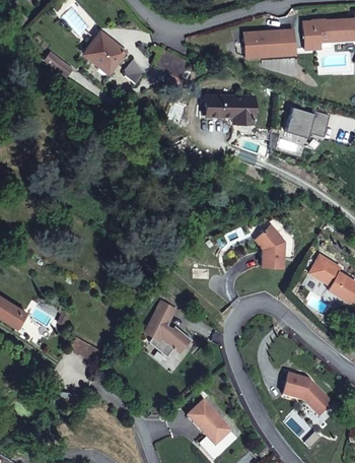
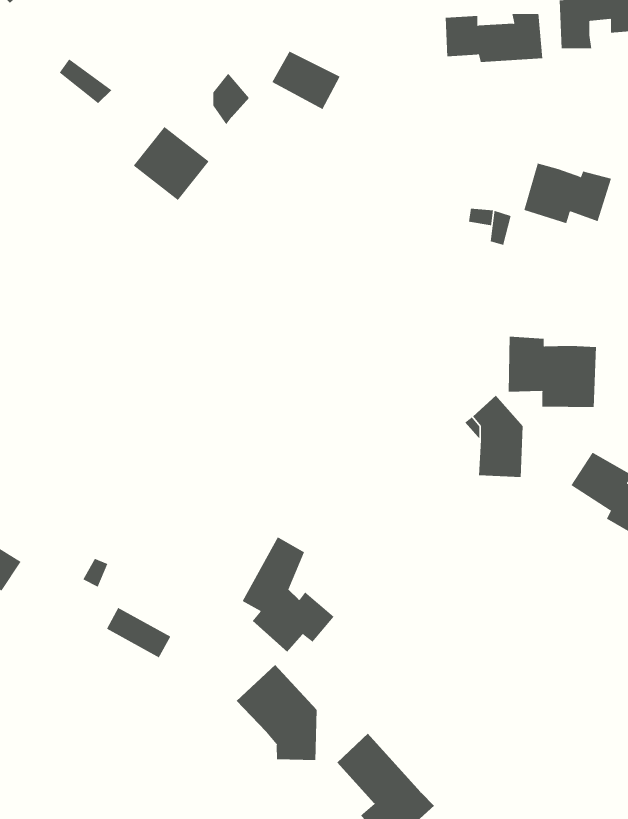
building: [84,34,124,72] -> [133,126,210,201]
building: [206,95,254,123] -> none
building: none -> [508,336,596,408]
building: none -> [236,664,317,761]
building: [283,375,333,417] -> none

